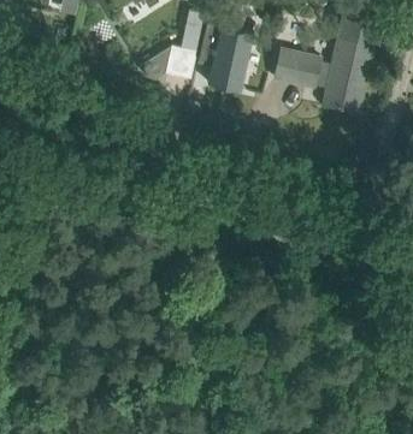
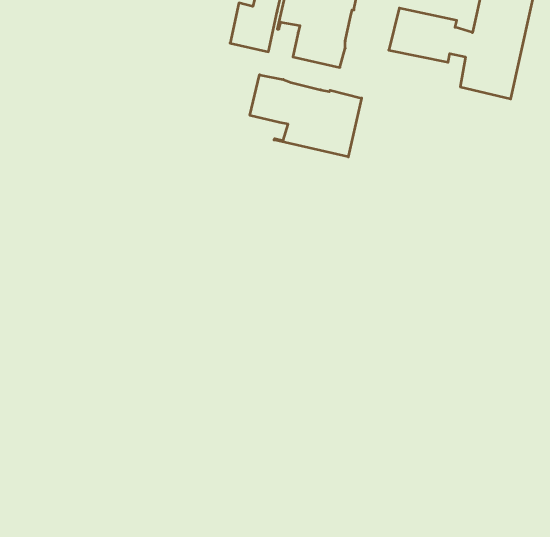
building: none -> [250,75,362,157]

